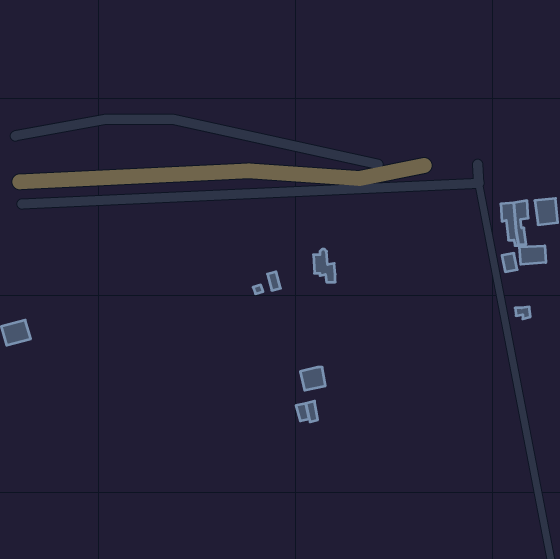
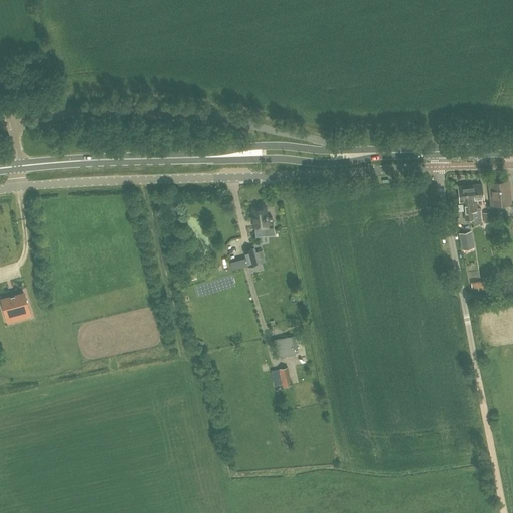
building: [520,246,546,264] -> none
building: [313,249,335,282] -> [252,205,273,235]

